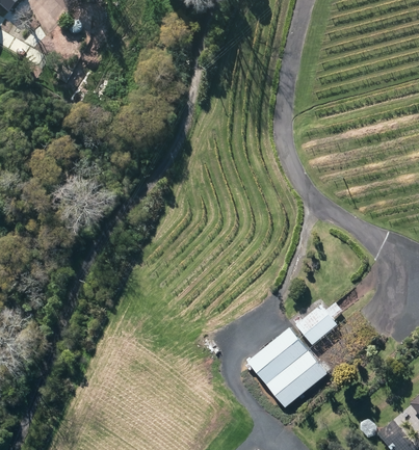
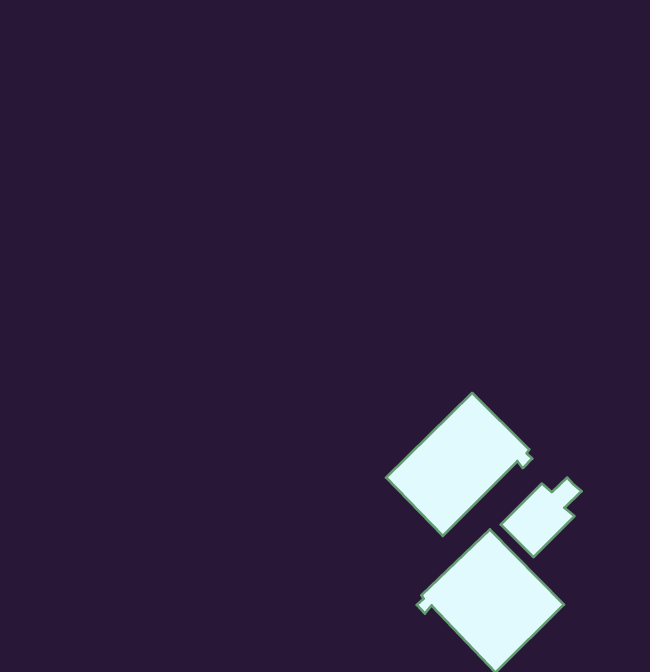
building: none -> [386,393,532,536]

